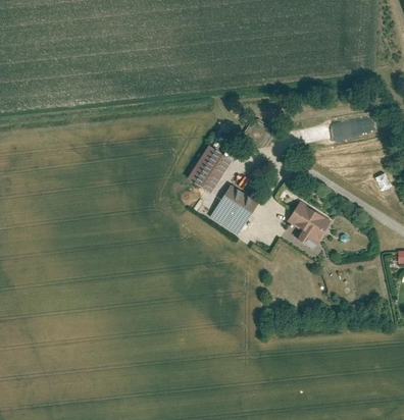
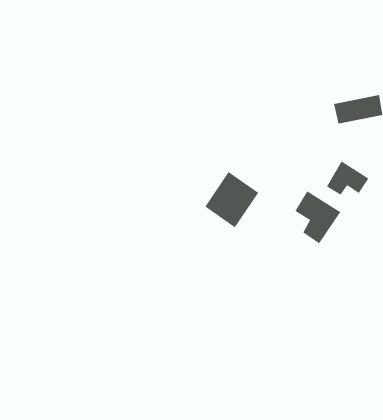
building: [190,146,232,193] -> none
building: none -> [326,161,369,195]

